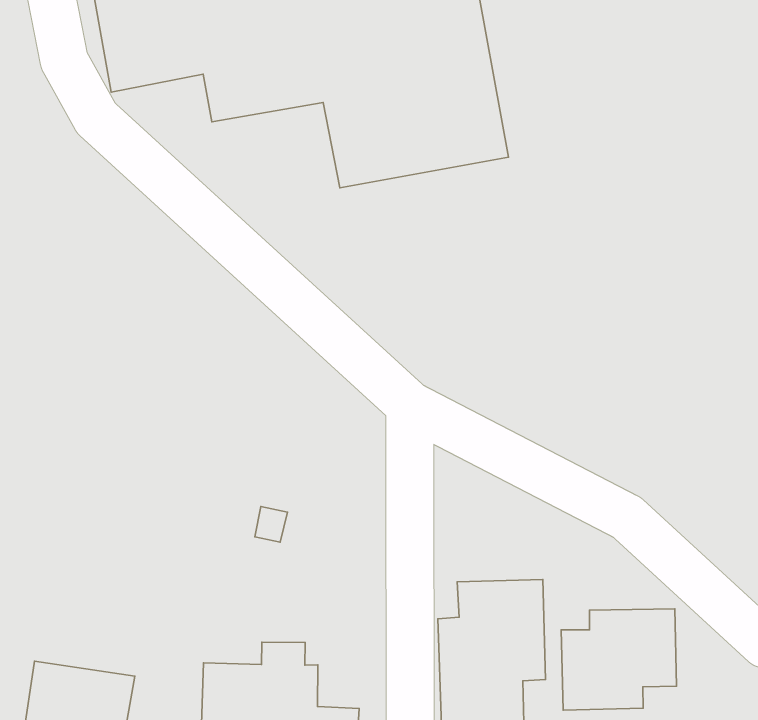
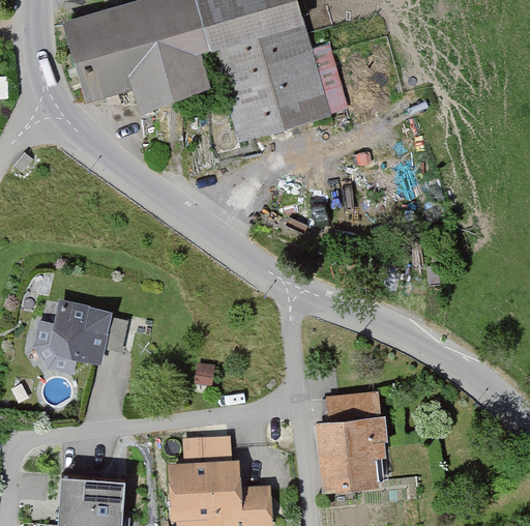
building: none -> [31,300,114,375]
building: [561,609,677,710] -> none

